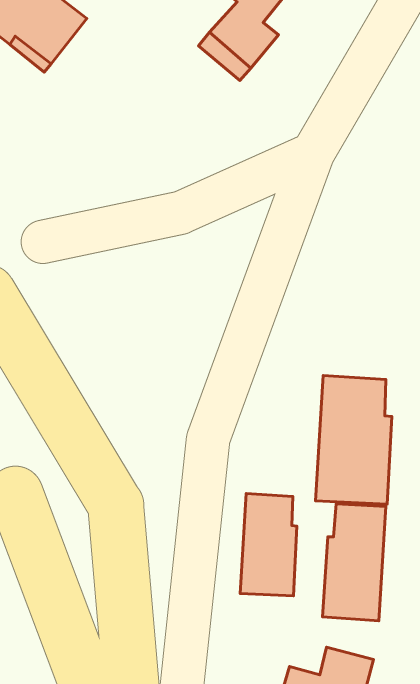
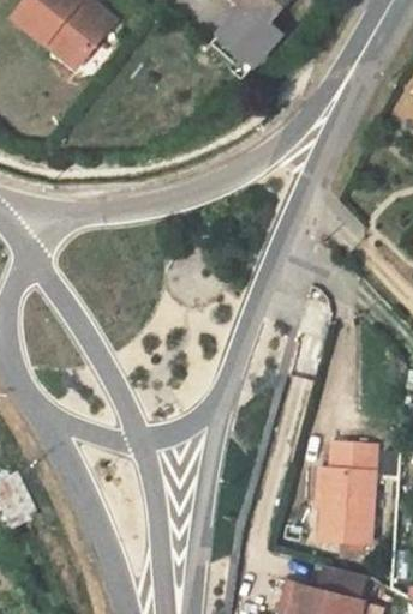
building: [316,376,392,504] -> none
building: [240,494,297,596] -> none

